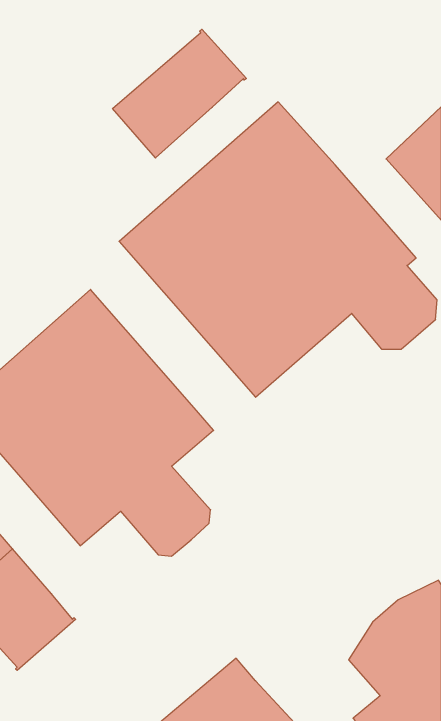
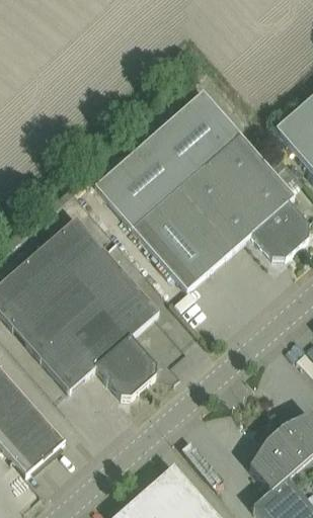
building: [113,29,246,158] -> none

